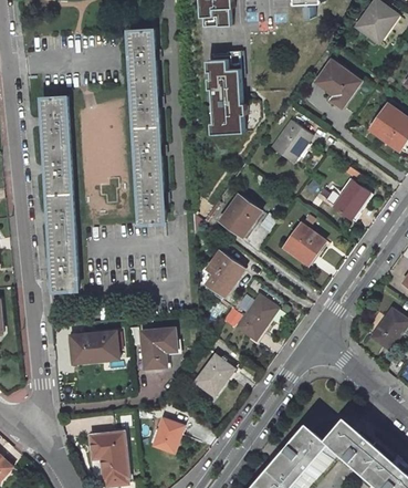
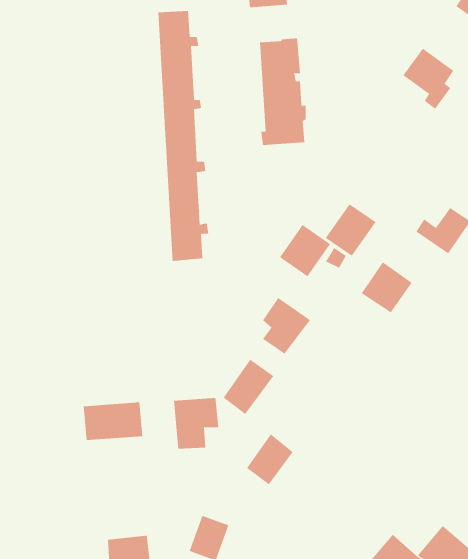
building: [38,96,76,289] -> none
building: [274,121,314,162] -> [325,203,376,257]
building: [239,294,279,338] -> [223,359,274,415]

